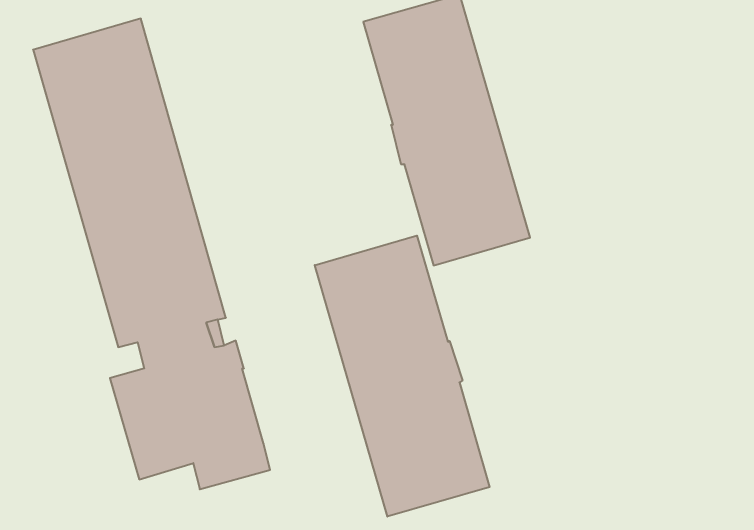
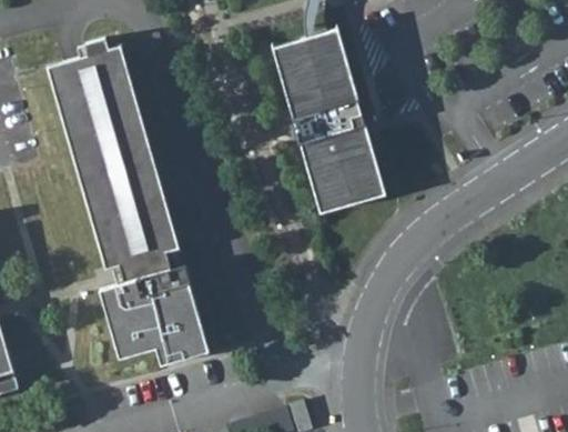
building: [315,236,490,517] -> none

